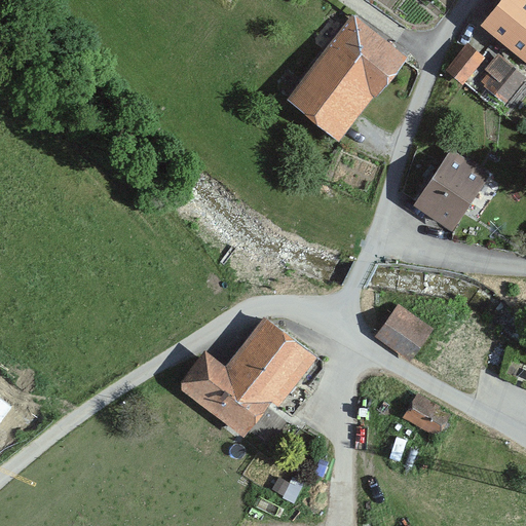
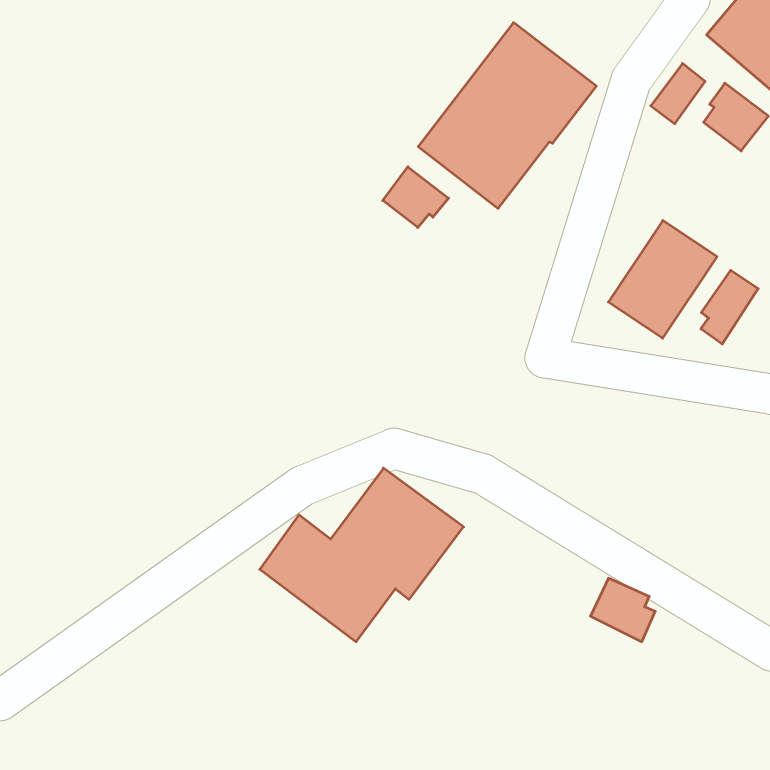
building: none -> [383,167,449,228]
building: none -> [701,270,758,344]
building: [377,306,431,359] -> none

